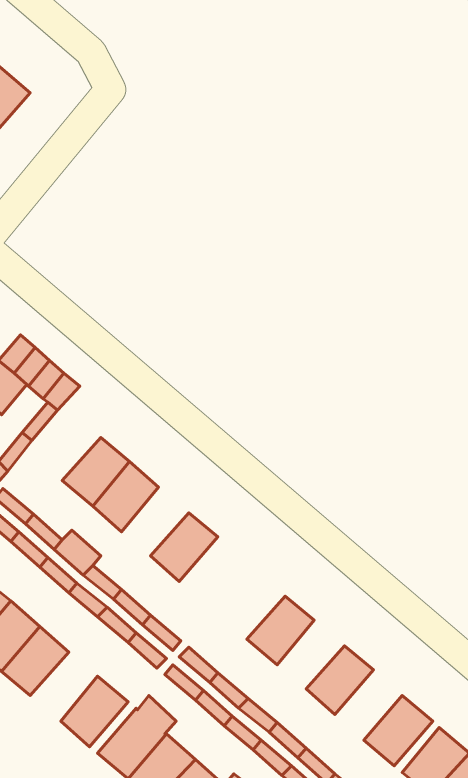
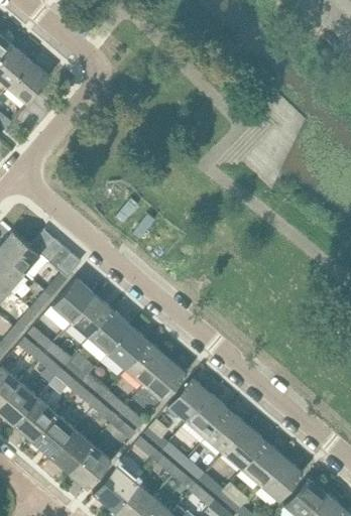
building: none -> [43,278,94,331]
building: none -> [107,326,149,369]
building: none -> [143,357,187,401]
building: none -> [167,377,210,421]
building: none -> [205,409,247,453]
building: none -> [49,429,92,473]
building: none -> [241,440,283,485]

